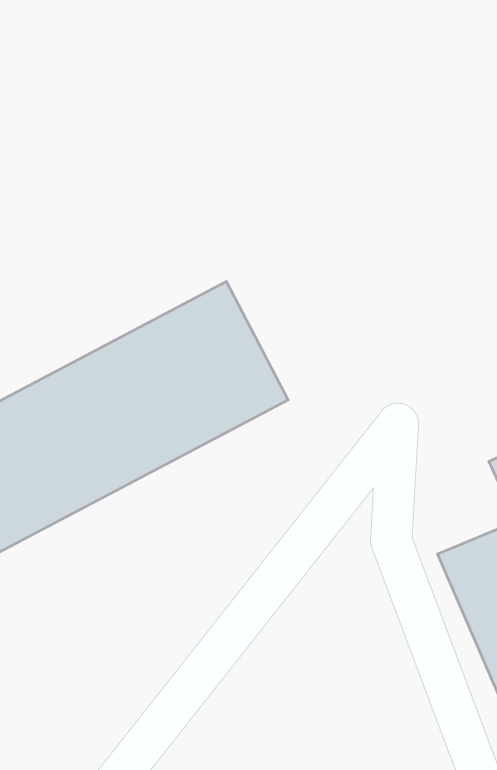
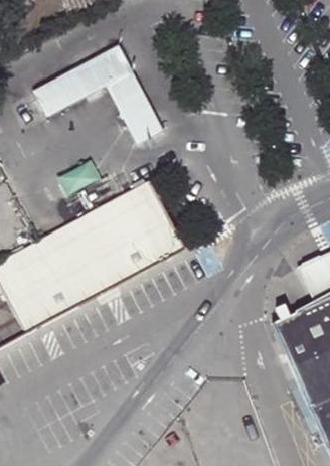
building: none -> [40,43,170,141]

